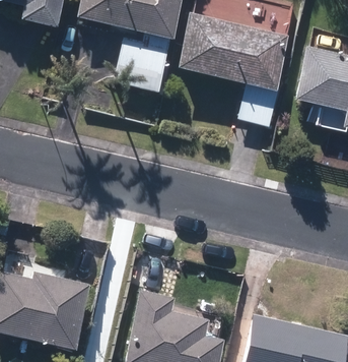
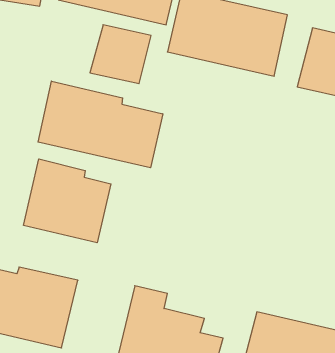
building: none -> [38,81,163,168]
building: none -> [24,159,111,243]

